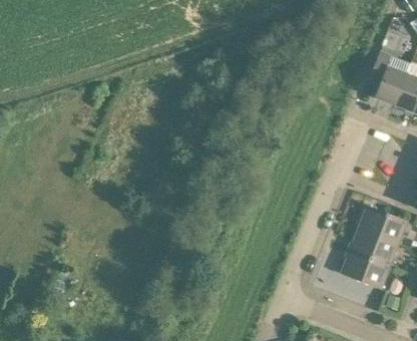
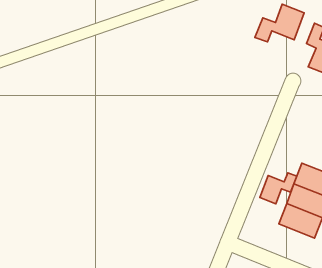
building: none -> [255,4,304,42]
building: none -> [260,173,297,204]

